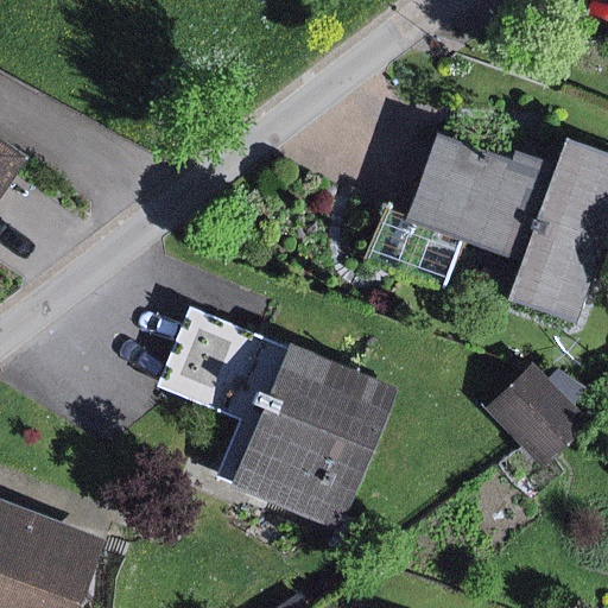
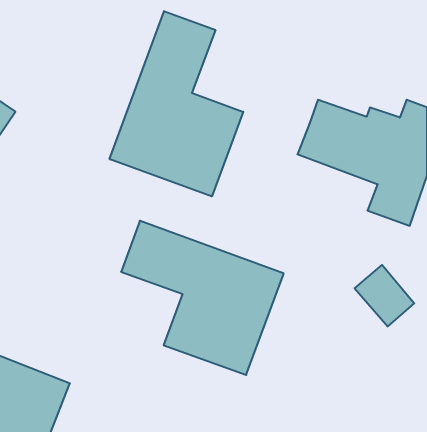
building: none -> [110,11,243,196]

